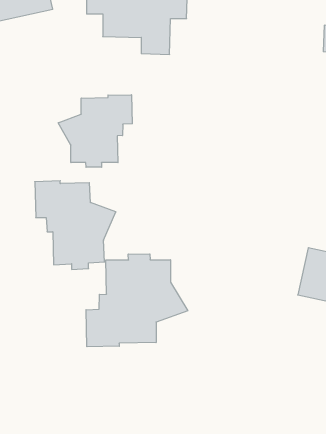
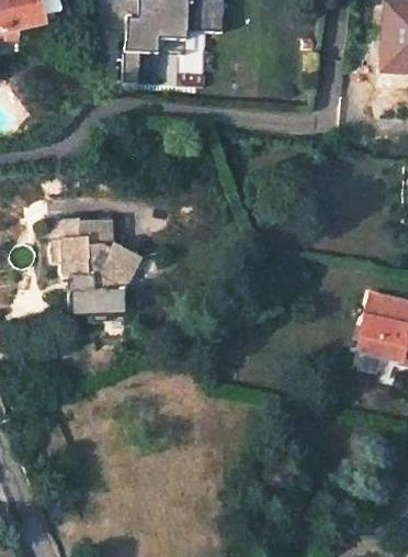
building: [58,95,132,167] -> none
building: [86,254,188,347] -> none

